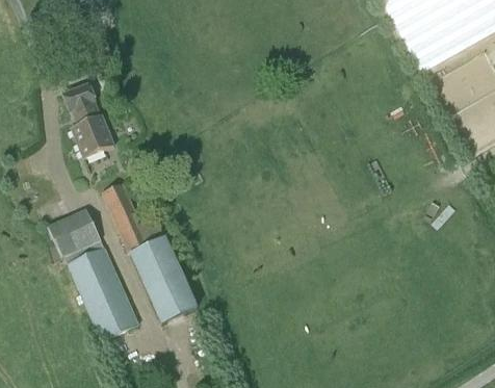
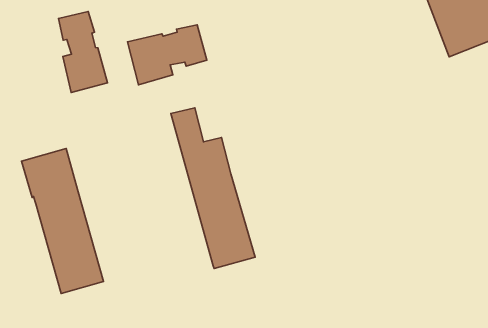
building: none -> [127,25,207,85]
building: [101,181,197,322] -> [171,108,255,268]

